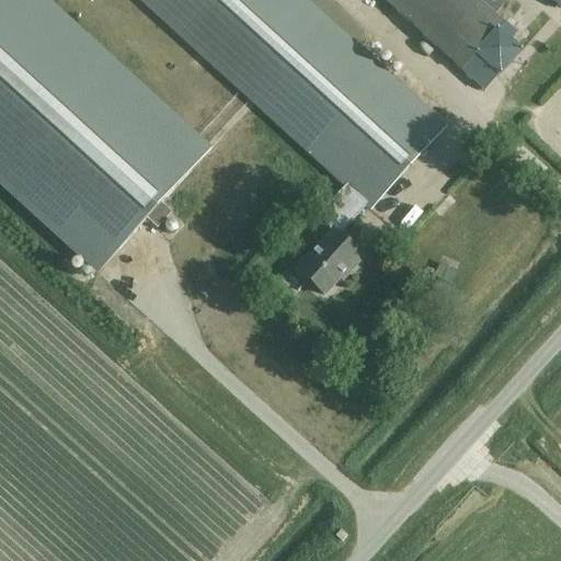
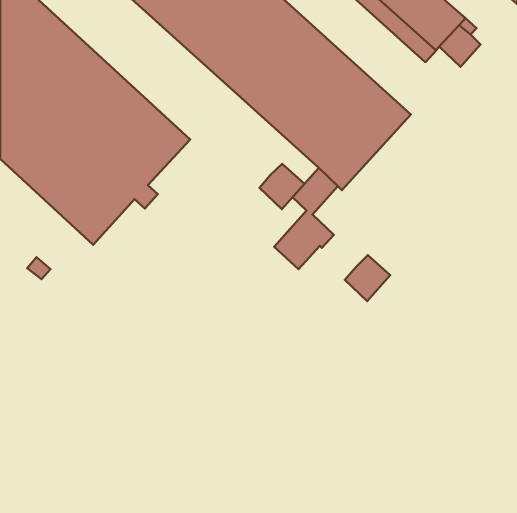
building: [461,50,499,88] -> none
building: none -> [260,164,305,209]
building: none -> [345,255,390,301]

